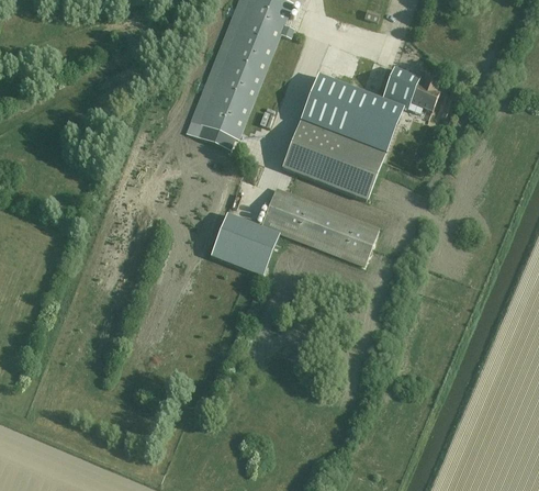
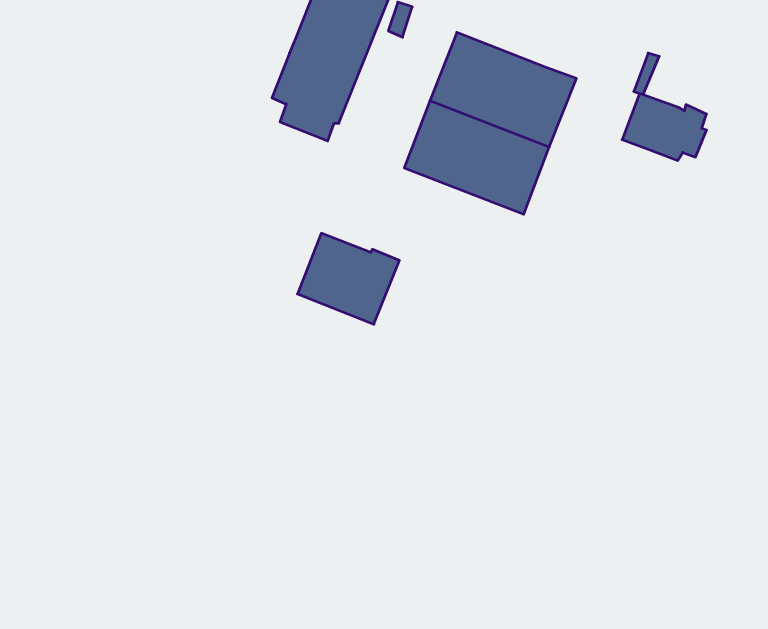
building: [381,66,439,112] -> [622,93,707,160]
building: [261,187,379,263] -> none

